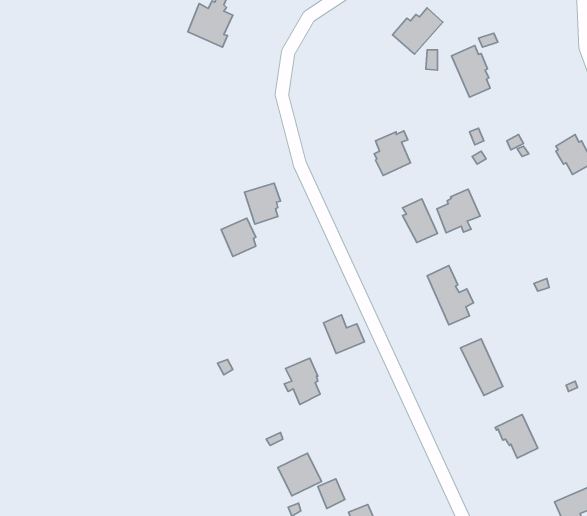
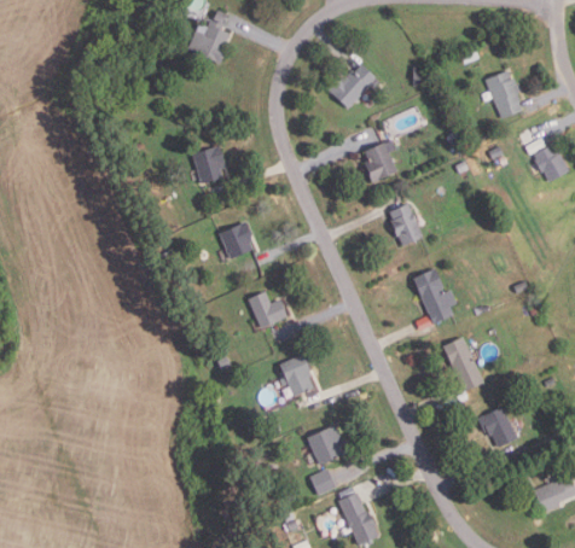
building: [393,8,443,54] -> [329,65,376,109]
building: [452,46,490,97] -> [486,71,522,119]
building: [244,183,280,224] -> [192,146,226,185]
building: [437,189,480,233] -> none
building: [323,315,365,354] -> [249,292,287,328]
building: [278,453,322,496] -> [307,426,348,466]

